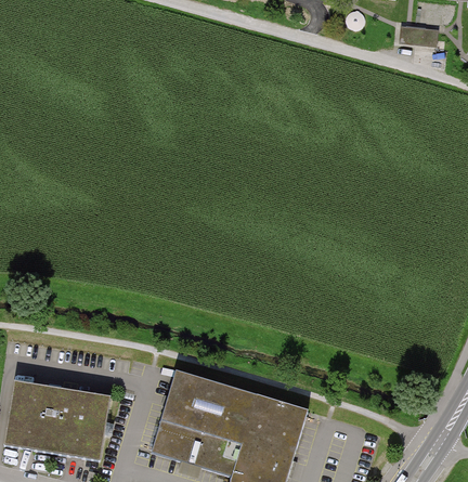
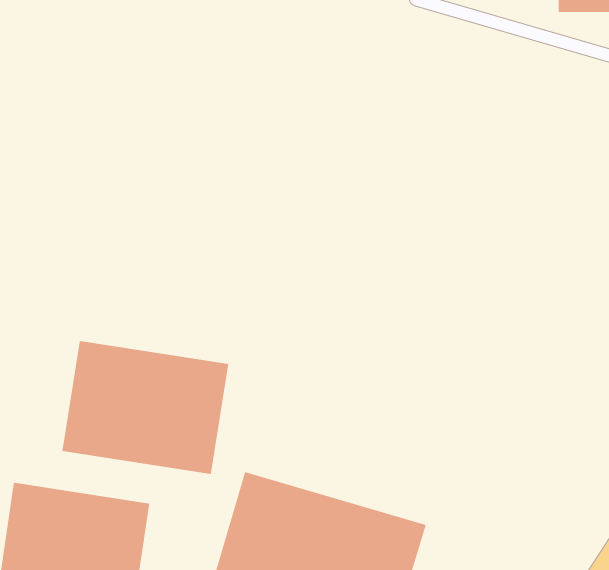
building: none -> [61,340,229,475]

